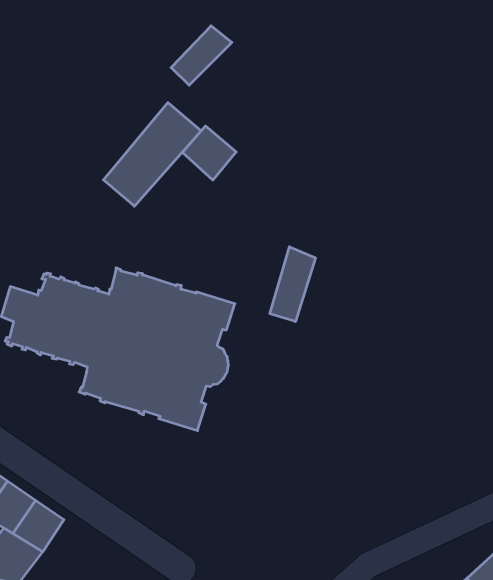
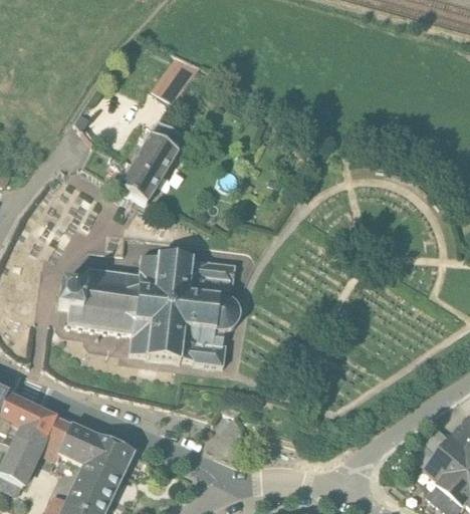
building: [182,126,236,180] -> none
building: [270,247,315,322] -> none

